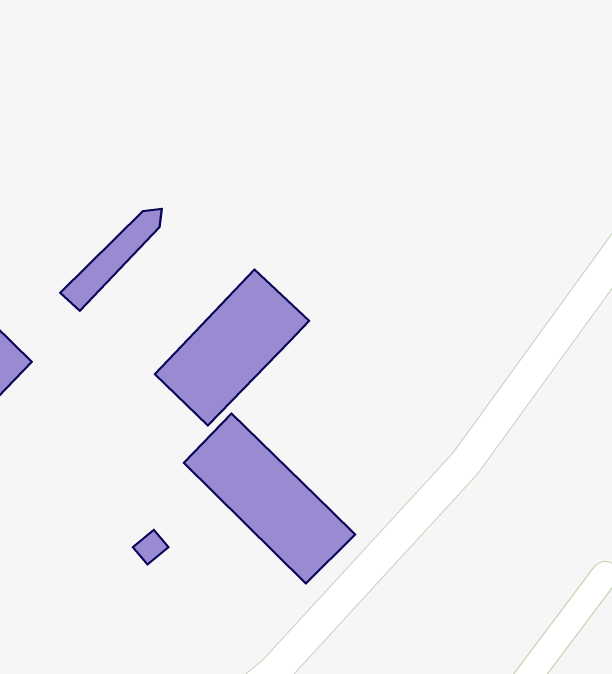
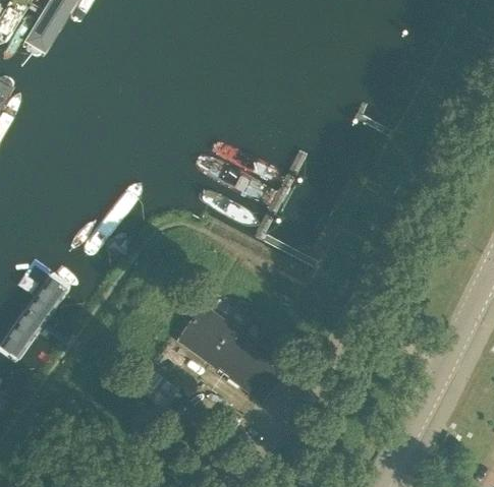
building: [155,269,309,425] -> none

